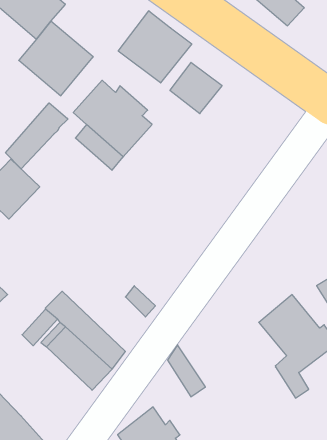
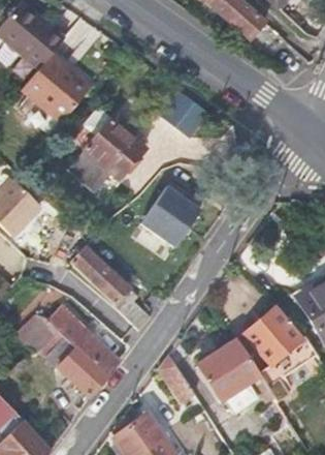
building: [118,11,192,83] -> none
building: [6,103,68,169] -> none
building: none -> [140,186,200,247]
building: none -> [70,243,129,304]
building: none -> [195,339,259,413]

